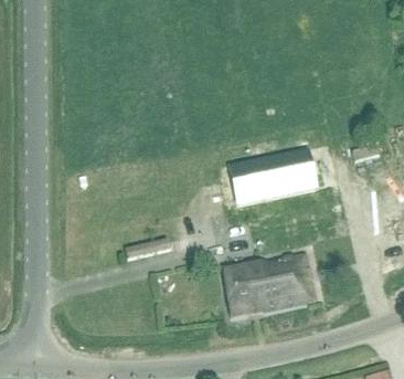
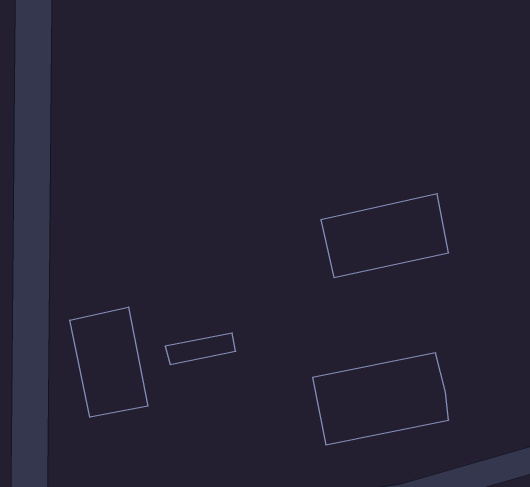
building: none -> [70,307,148,417]

